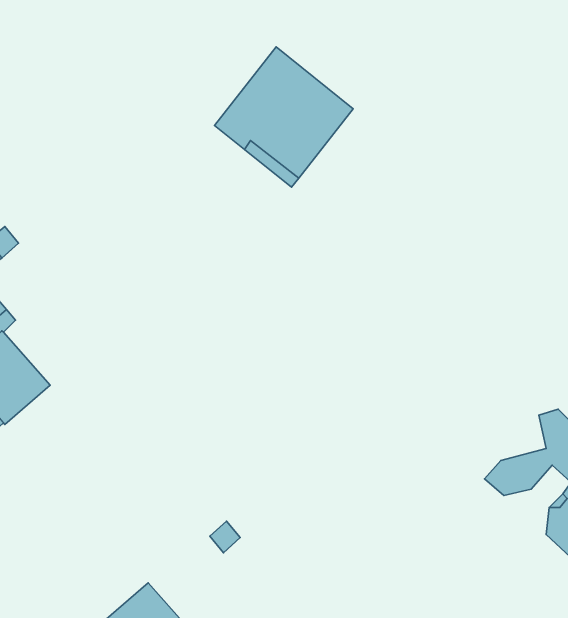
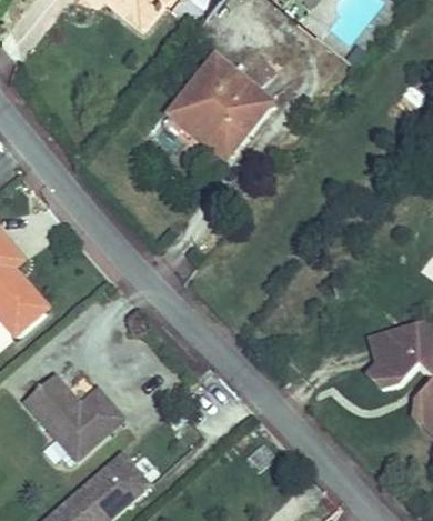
building: none -> [370,328,413,363]
building: none -> [24,374,123,459]

